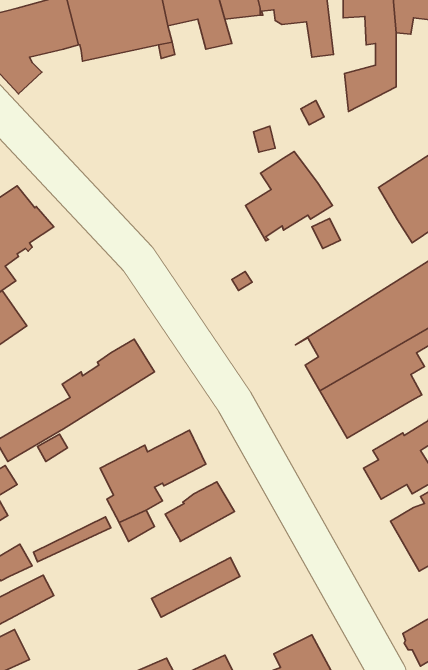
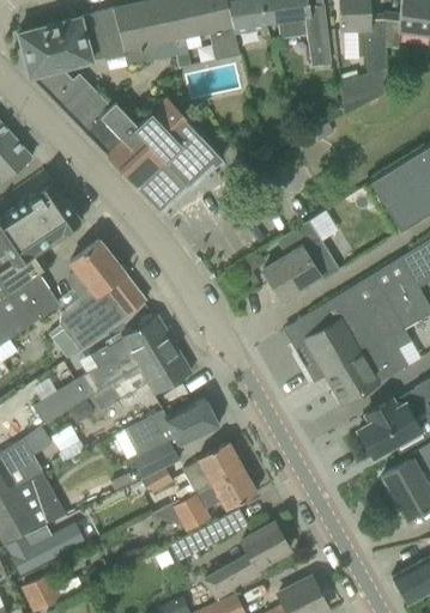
building: none -> [53,74,223,207]
building: [245,151,332,241] -> [264,221,340,301]
building: none -> [60,239,144,351]
building: none -> [92,345,189,411]
building: none -> [169,468,256,530]
building: none -> [205,522,290,597]

